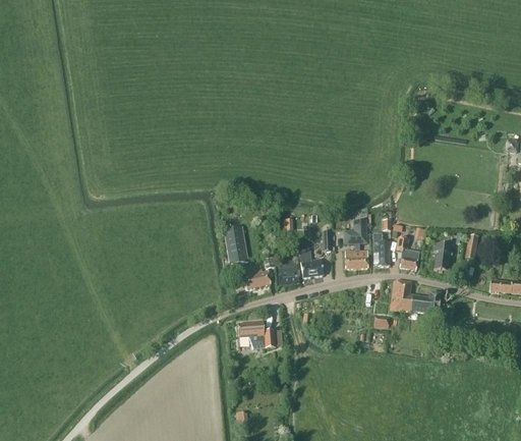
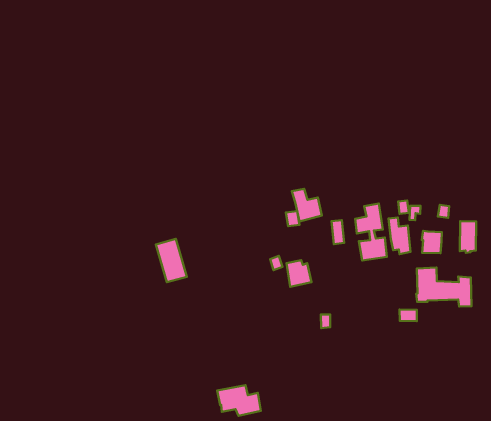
building: [224,225,248,263] -> [156,239,187,282]
building: [299,249,324,277] -> [292,189,322,221]
building: [243,268,272,289] -> none
building: [238,322,275,348] -> [217,385,261,416]

